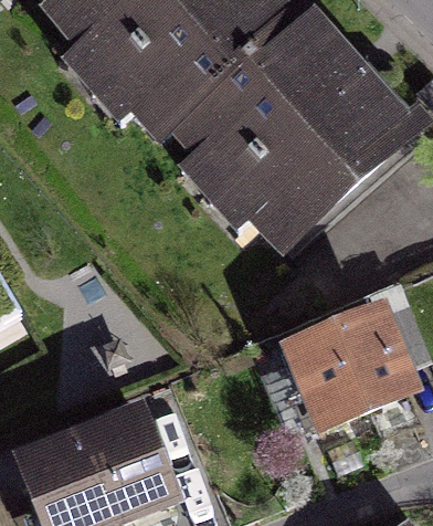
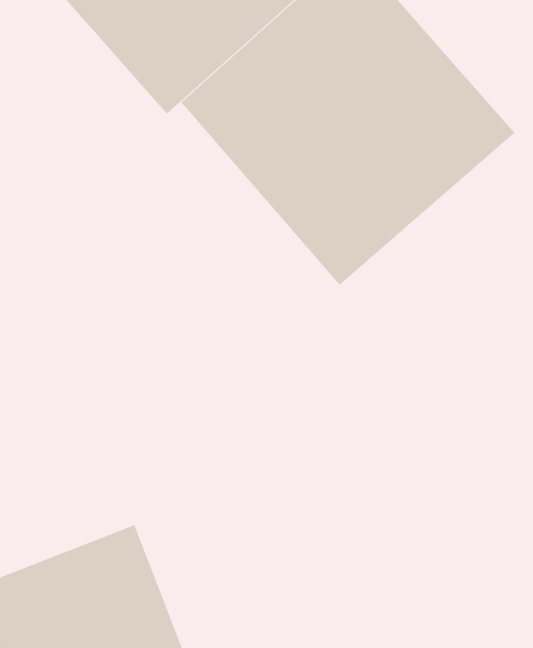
building: [282,313,411,439] -> none

